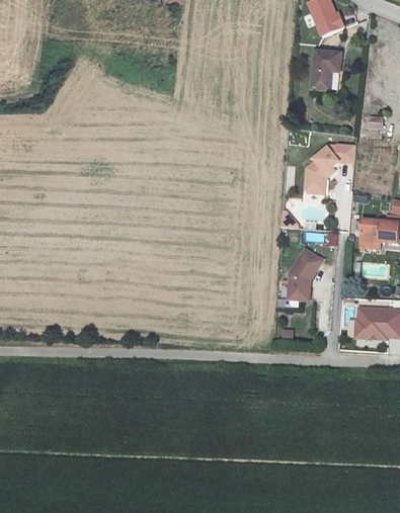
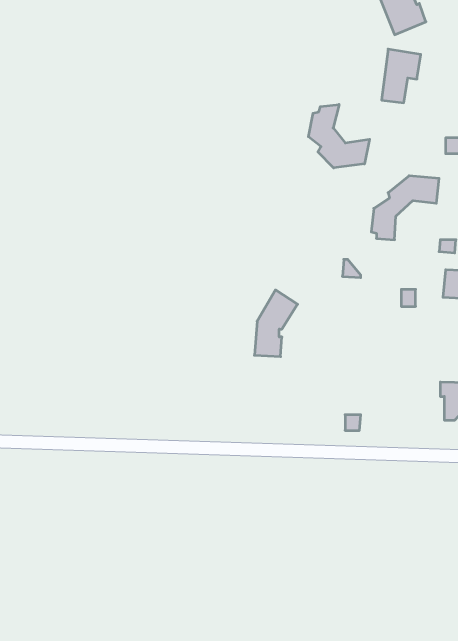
building: none -> [308,104,370,168]
building: [288,246,321,297] -> [254,290,298,357]

